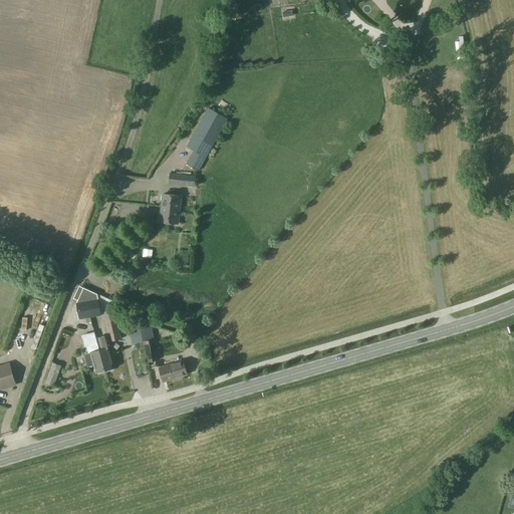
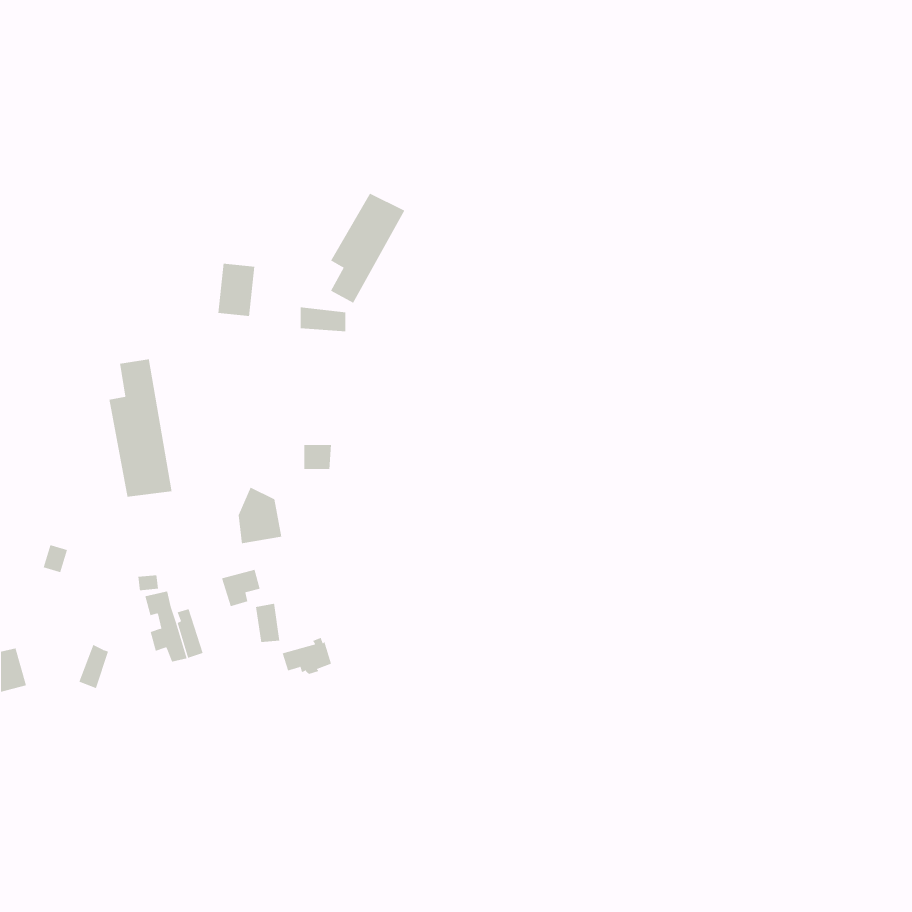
building: [160,194,181,224] -> [218,263,255,317]
building: none -> [109,358,172,497]
building: [76,287,101,319] -> [238,487,282,544]

